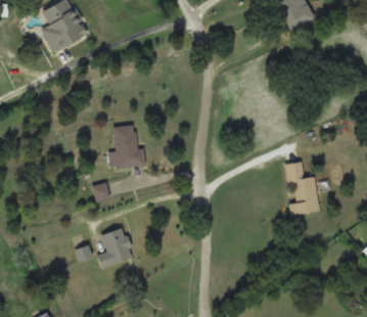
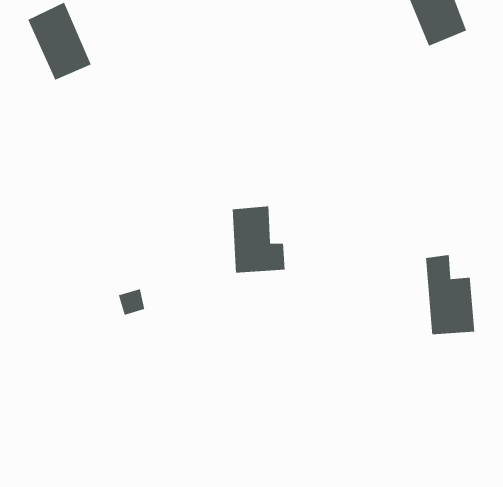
building: [112,125,146,168] -> [232,205,285,274]
building: [98,228,133,267] -> none

